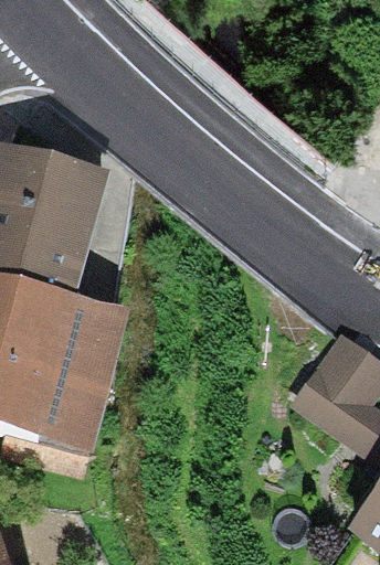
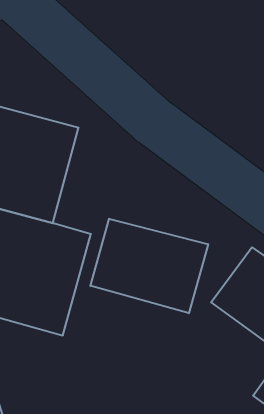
building: none -> [90,219,208,313]

